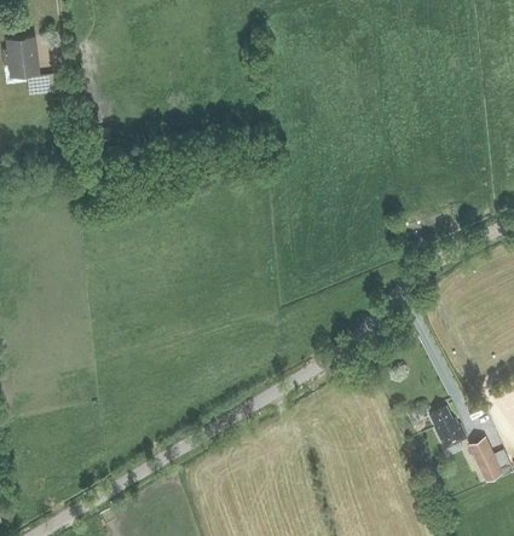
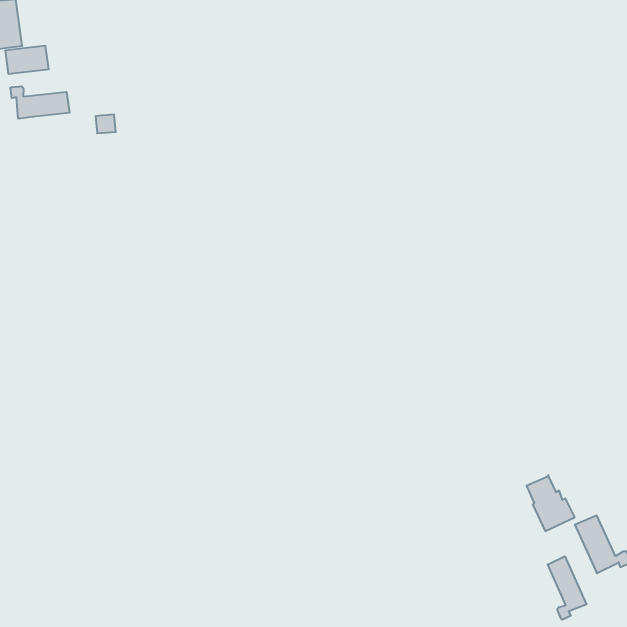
building: none -> [10,86,69,119]
building: none -> [548,556,586,620]

